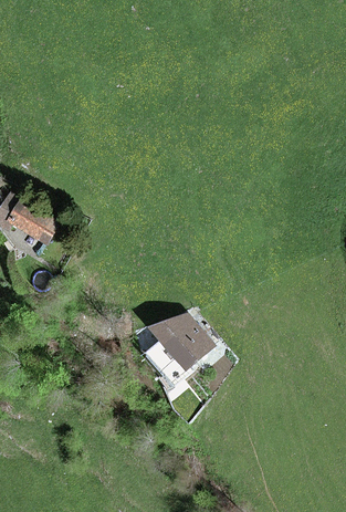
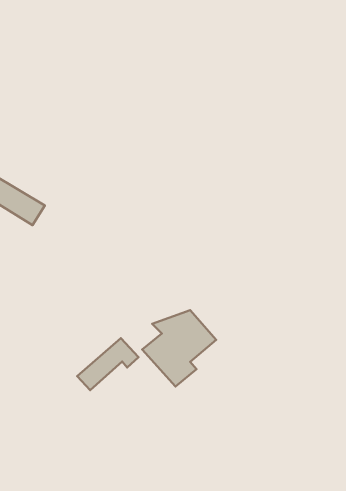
building: none -> [77,338,139,390]

